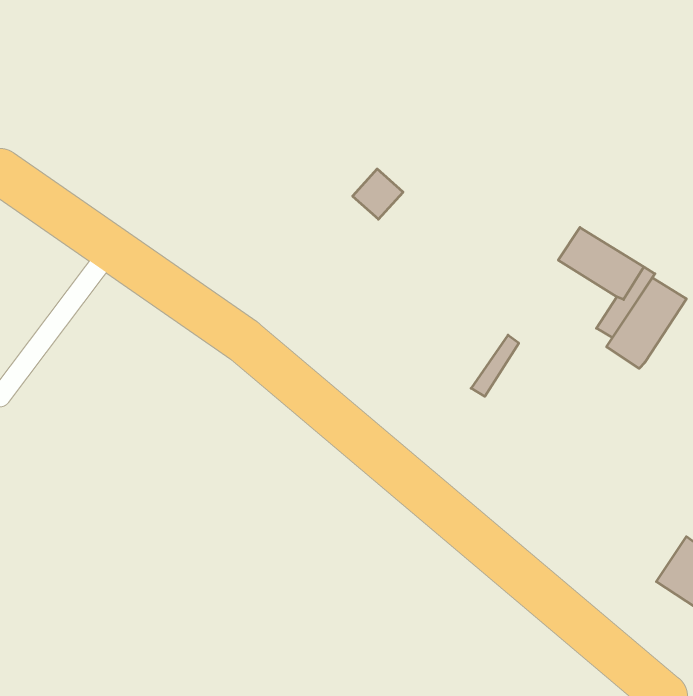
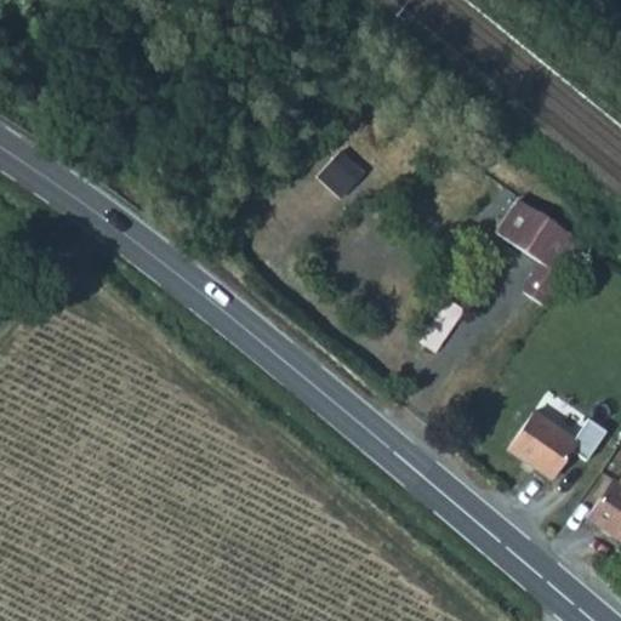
building: [607,278,686,368] -> none
building: none -> [497,403,579,478]

